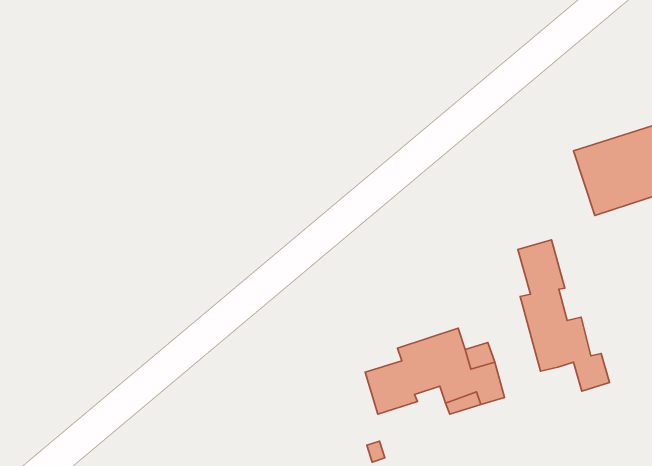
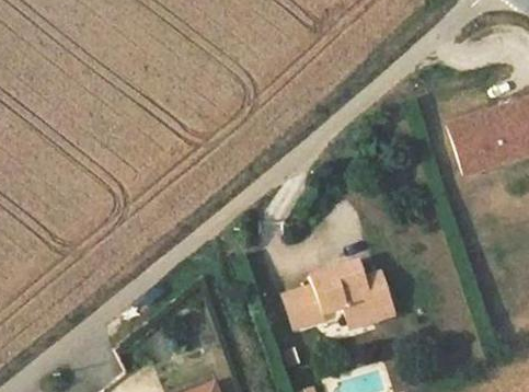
building: [518,240,610,391] -> none

